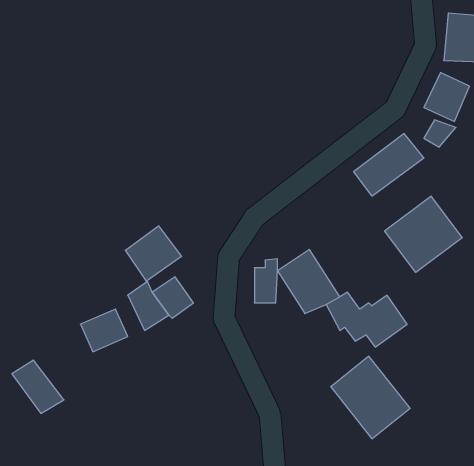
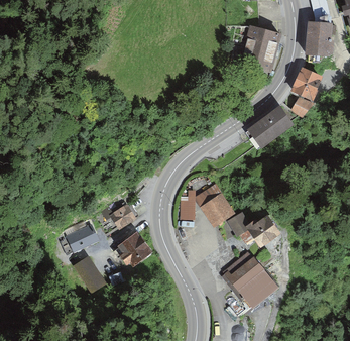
building: none -> [245,28,276,70]
building: [385,196,462,272] -> none
building: [125,226,182,281] -> none
building: none -> [115,230,148,263]
building: [12,360,64,413] -> [71,255,105,291]

